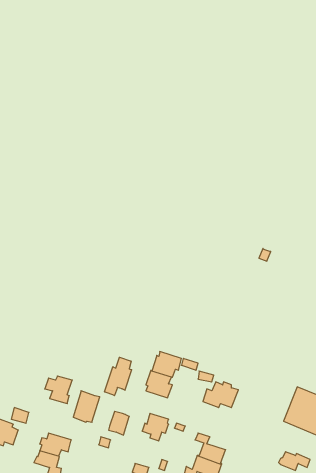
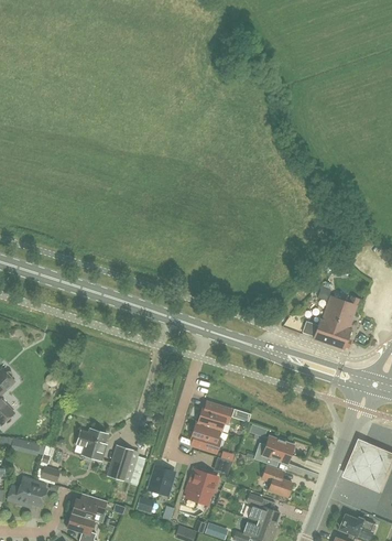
building: none -> [302,296,359,347]
building: [105,357,132,396] -> none
building: none -> [262,464,292,496]

